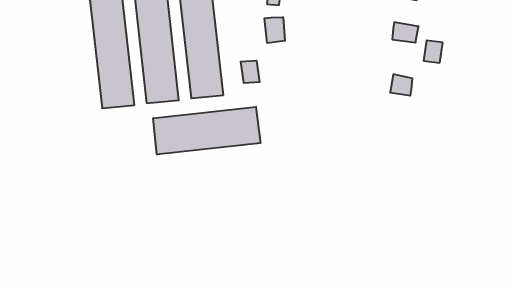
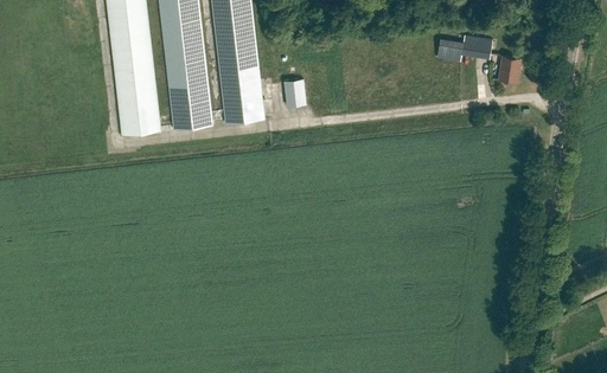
building: [264,17,285,43] -> none
building: [390,74,412,96] -> [436,38,462,63]
building: [153,107,260,155] -> none

